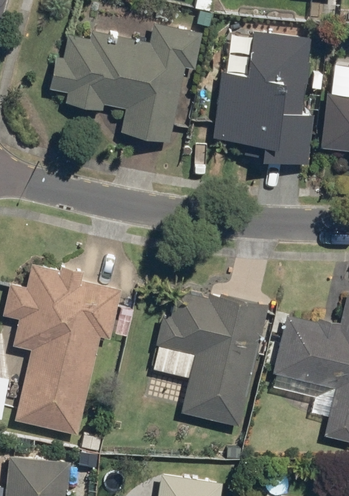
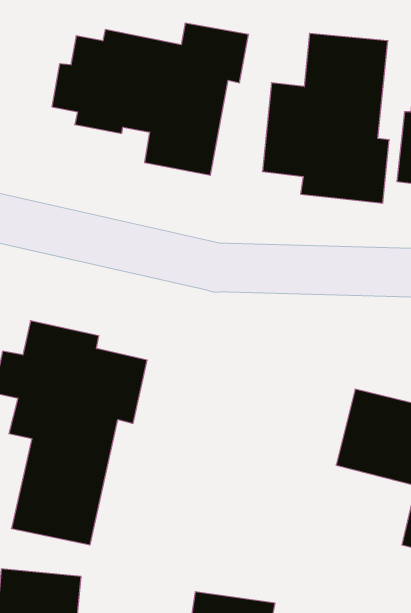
building: [150,291,269,428] -> none

